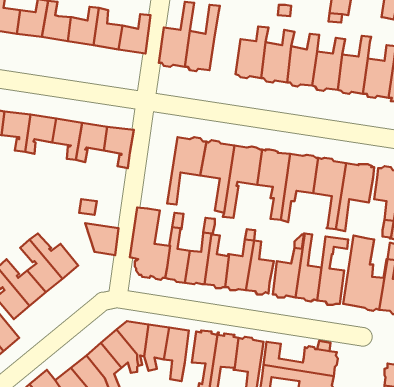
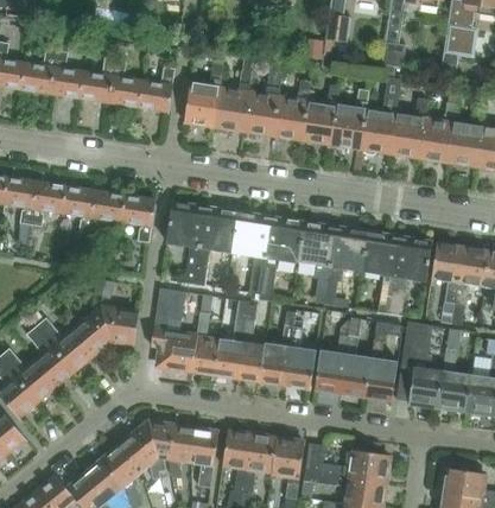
building: none -> [242,59,283,136]
building: none -> [166,202,205,284]
building: none -> [71,306,110,355]

